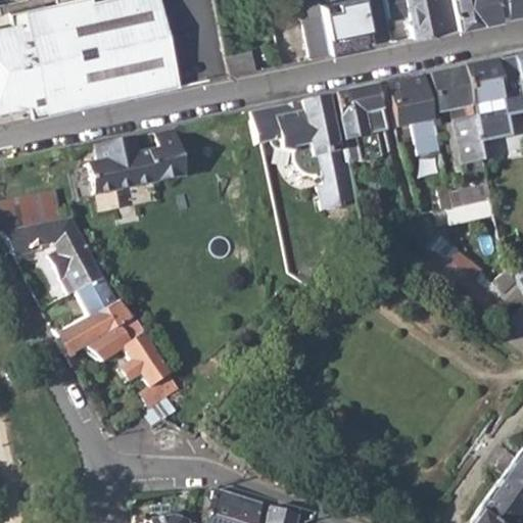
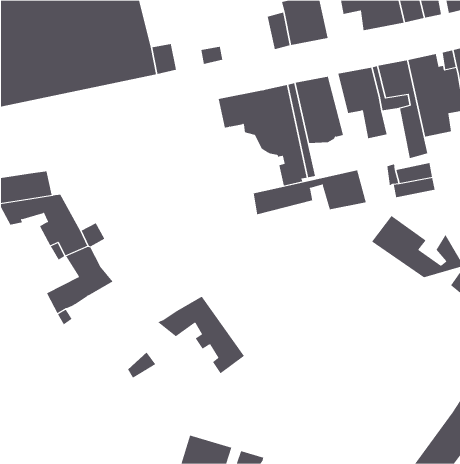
building: [86,127,184,194] -> none
building: none -> [253,169,366,215]
building: [82,317,180,405] -> [158,296,245,374]

